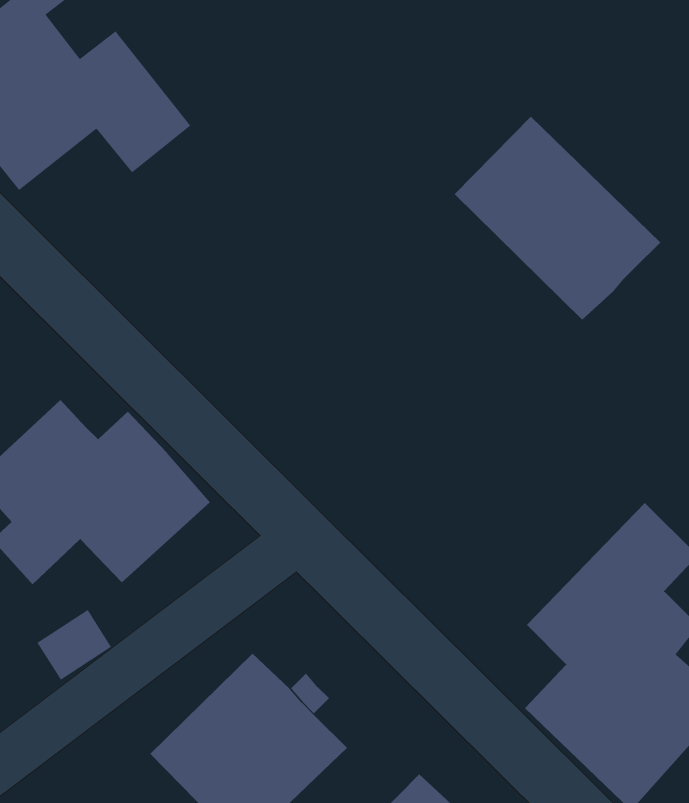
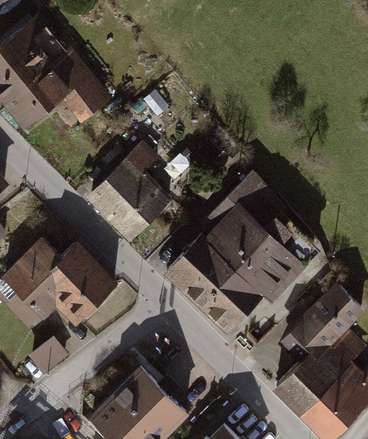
building: [454,116,661,321] -> none
building: none -> [83,141,174,246]
building: none -> [167,169,307,333]

